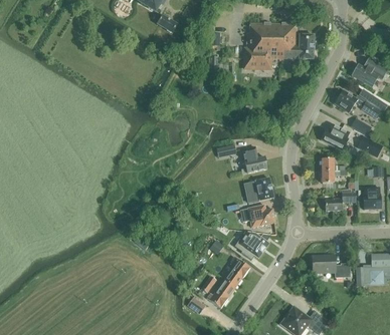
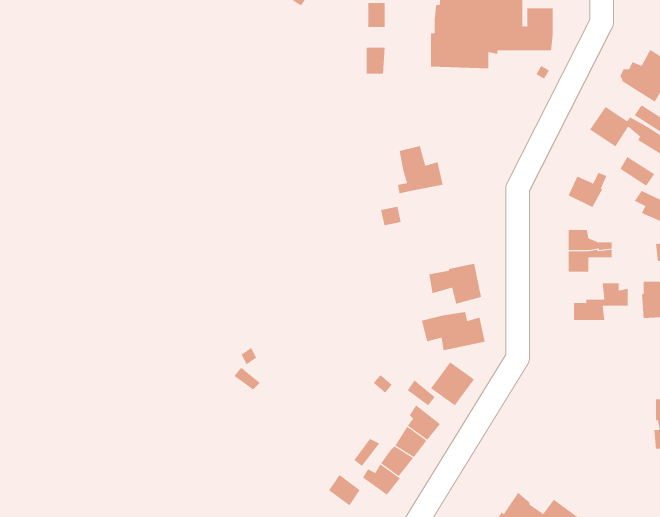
building: [241,146,267,174] -> [397,146,444,194]
building: [312,255,350,277] -> none

